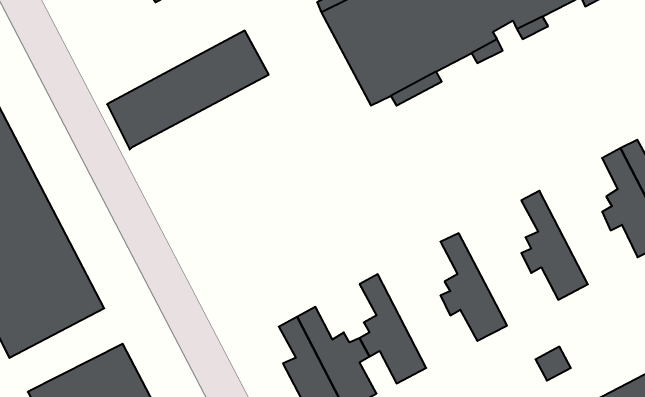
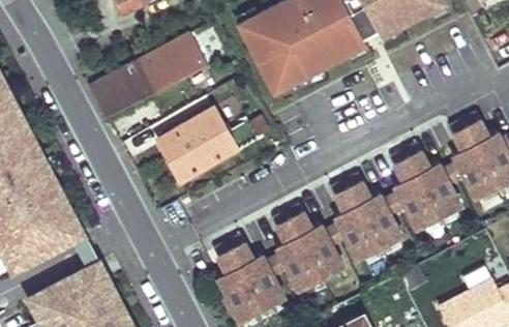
building: none -> [158,110,258,181]
building: none -> [403,144,460,219]
building: none -> [345,175,401,249]
building: none -> [286,206,343,280]

